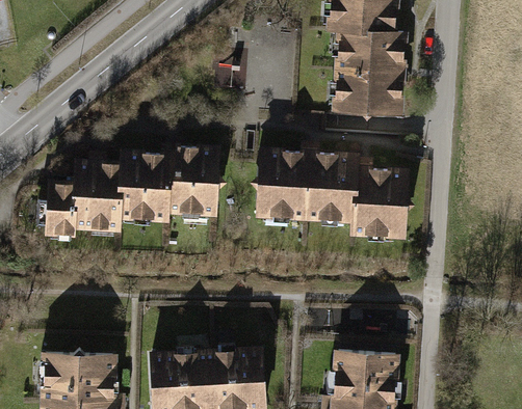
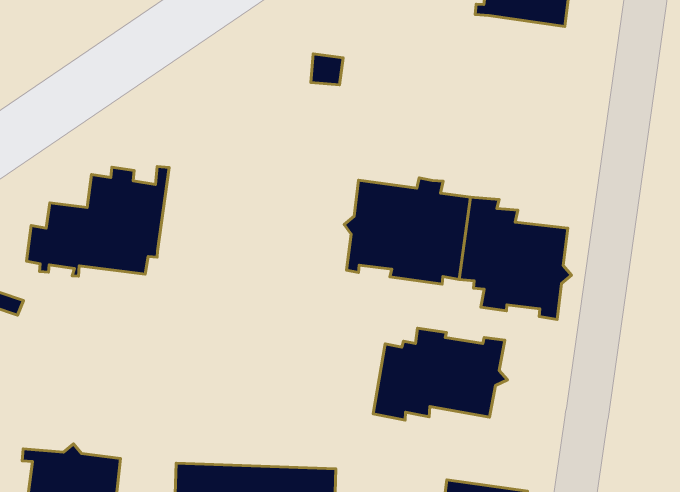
building: [336,32,402,118] -> none
building: [126,148,224,220] -> none
building: none -> [373,328,507,420]

